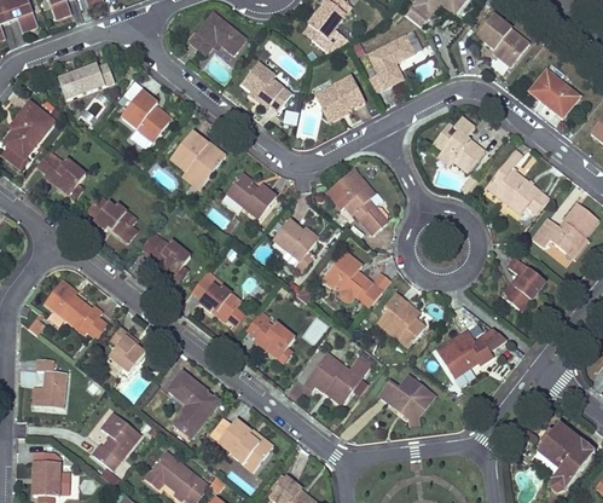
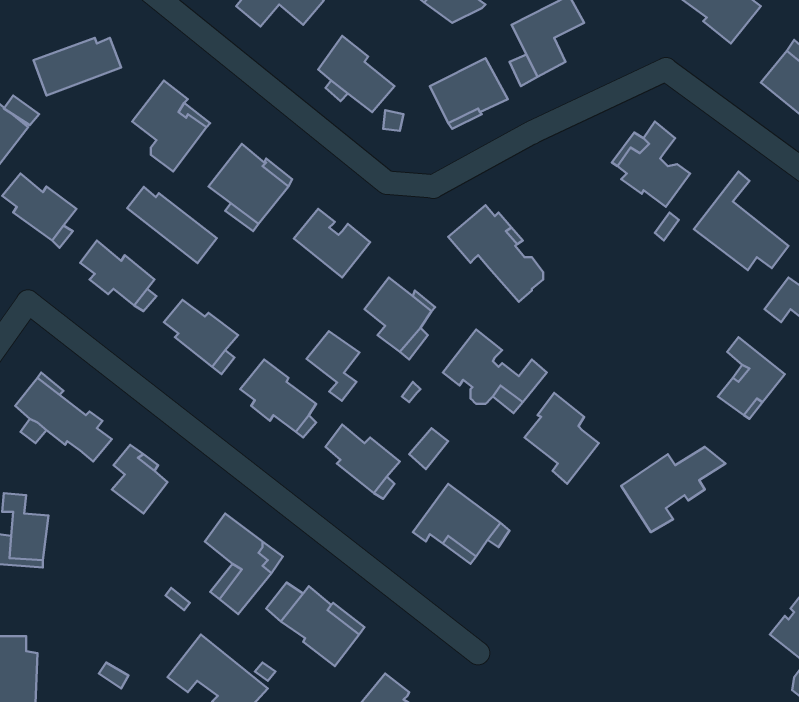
building: none -> [127,187,217,263]
building: none -> [306,331,360,401]
building: [378,375,434,417] -> none
building: [92,411,140,469] -> none

